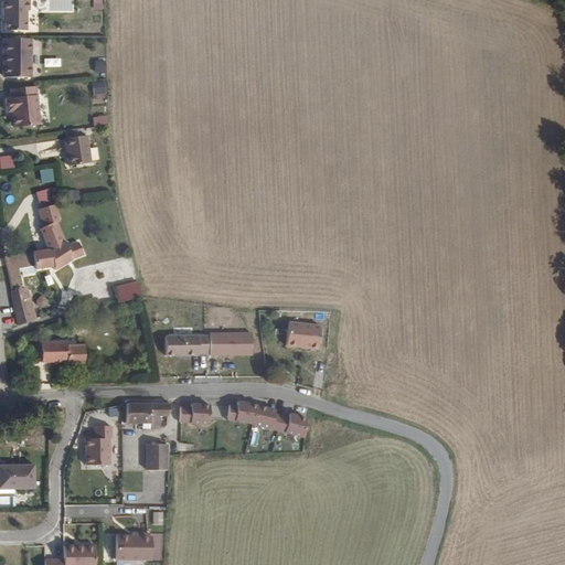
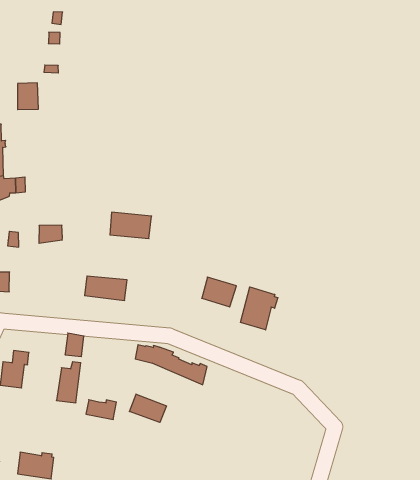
building: none -> [240,287,278,330]
building: [209,331,252,356] -> [110,212,152,239]
building: [128,397,151,420] -> none
building: [178,401,209,420] -> [86,400,116,419]
building: none -> [129,394,166,422]

